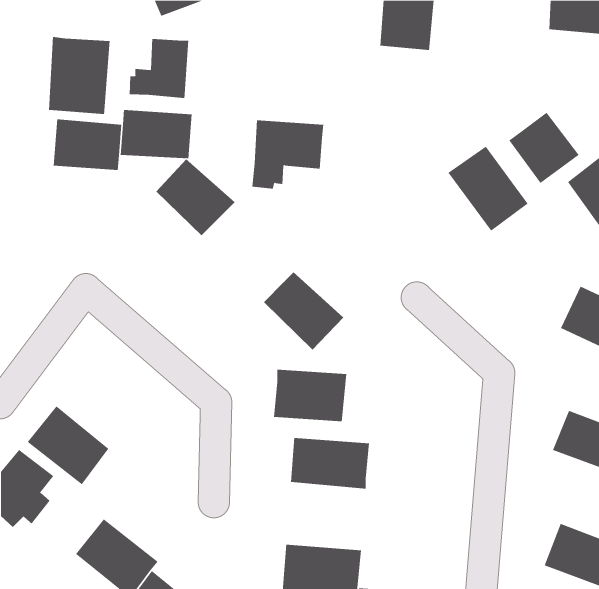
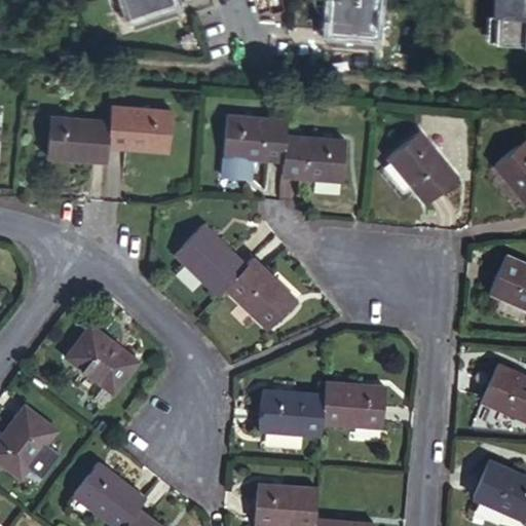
building: [48,36,110,115] -> none
building: [129,38,189,99] -> none
building: [508,112,580,184] -> none
building: none -> [280,130,346,173]
building: [156,159,236,236] -> [180,218,250,286]
building: [273,369,347,422] -> [322,386,386,433]
building: [27,405,109,485] -> [70,318,142,388]

